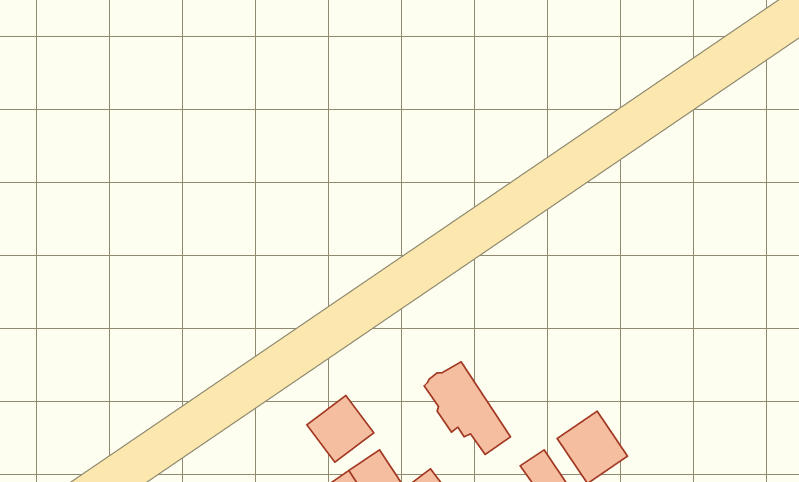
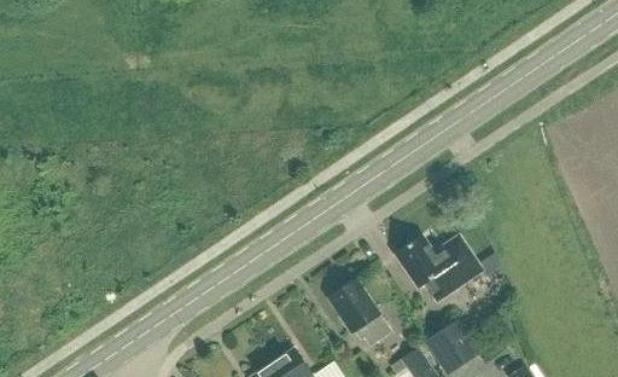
building: none -> [396,232,483,296]
building: [307,396,374,462] -> none

